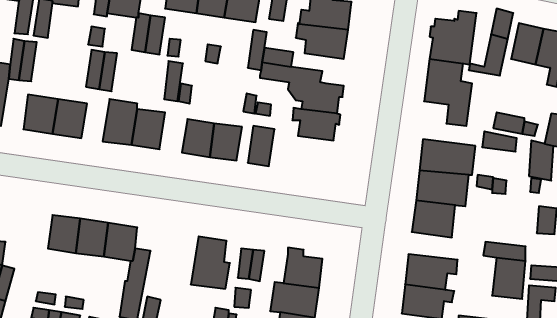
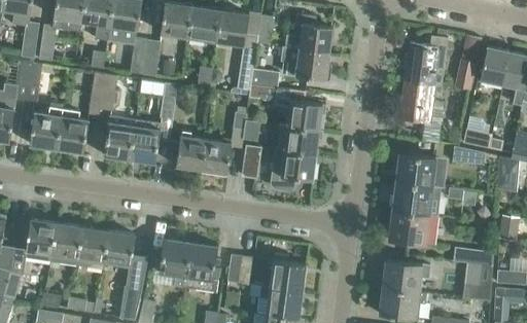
building: none -> [269,149,316,190]
building: none -> [26,220,57,255]
building: none -> [160,240,191,288]

